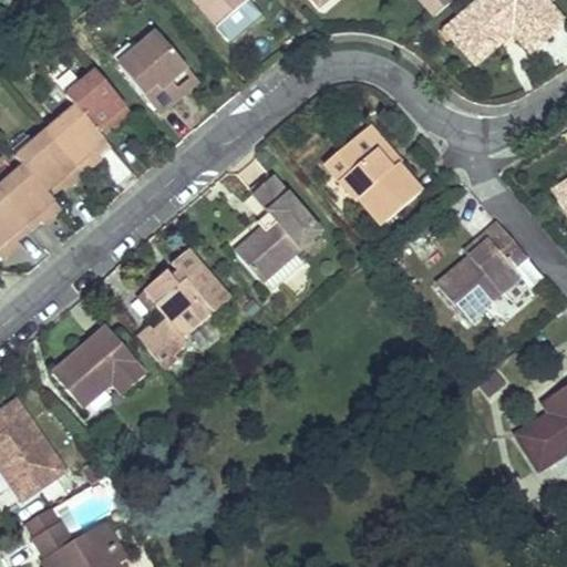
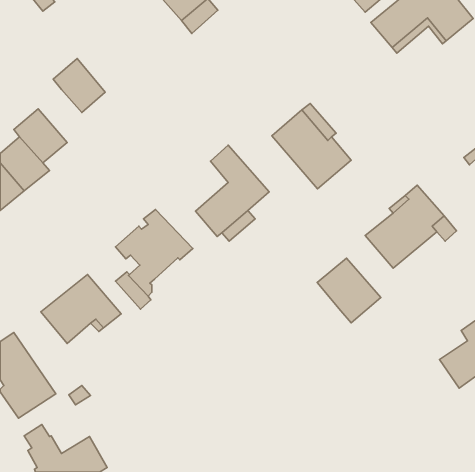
building: [116,31,186,113] -> none
building: [47,106,109,169] -> none
building: none -> [317,258,381,323]

